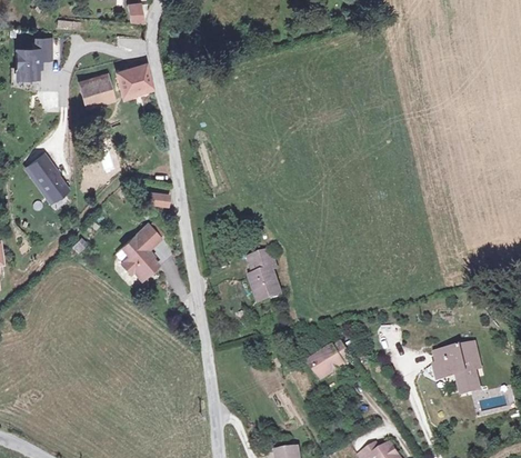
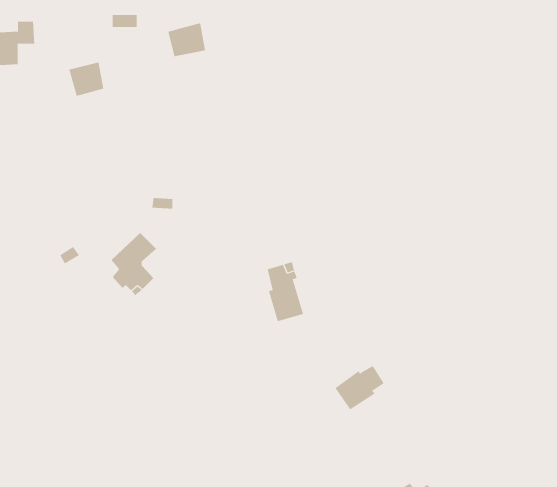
building: [118,66,151,96] -> [167,22,206,57]
building: [28,157,67,201] -> none
building: [439,341,483,390] -> none

